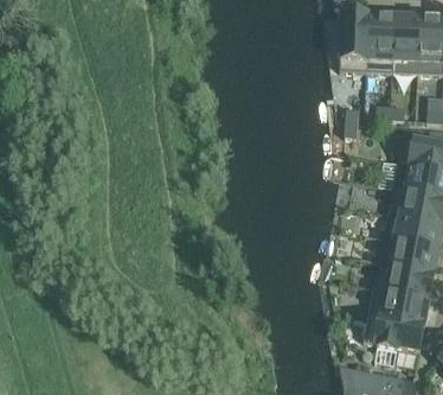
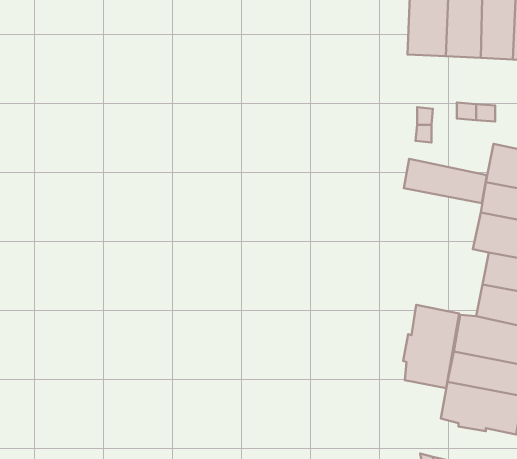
building: none -> [404,159,487,203]
building: none -> [403,305,459,388]

